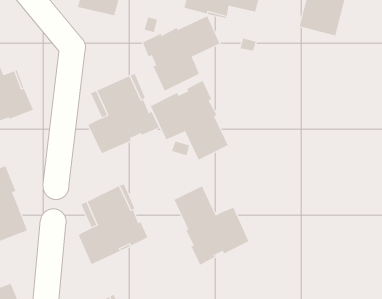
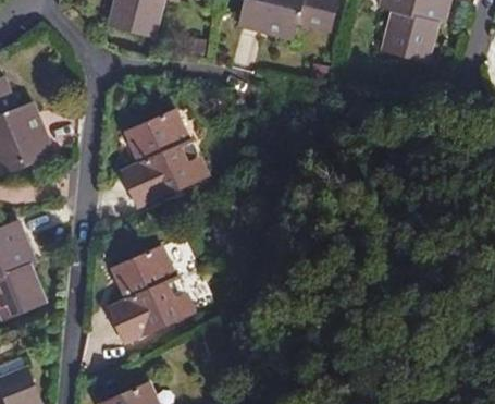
building: [142,15,220,91] -> none
building: [150,80,229,161] -> none
building: [174,186,249,266] -> none

